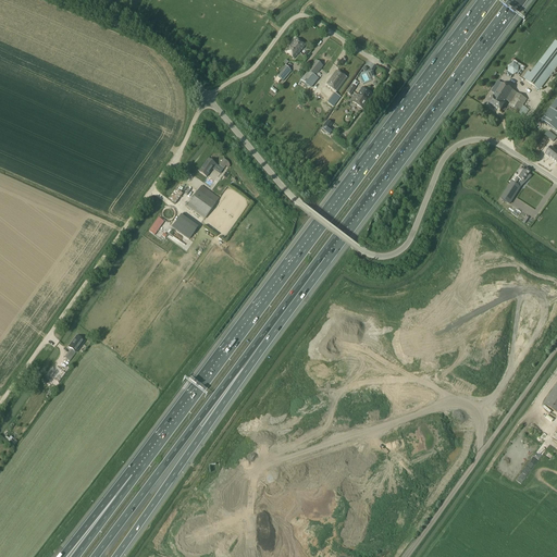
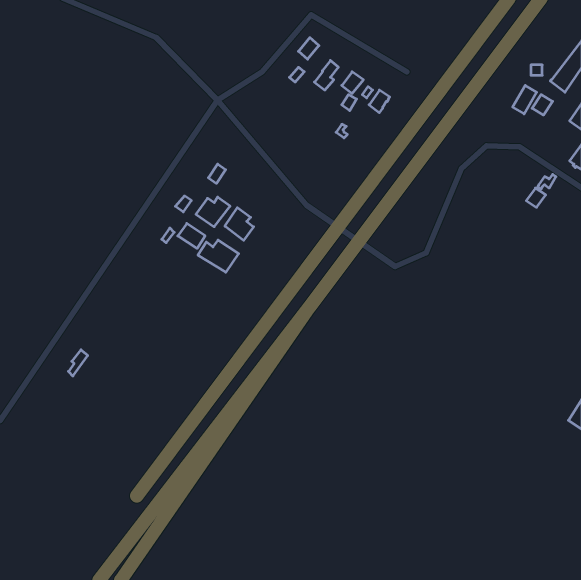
building: none -> [225,208,254,240]
building: none -> [198,240,239,272]

